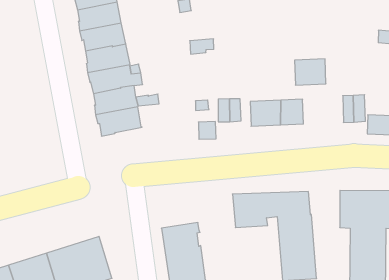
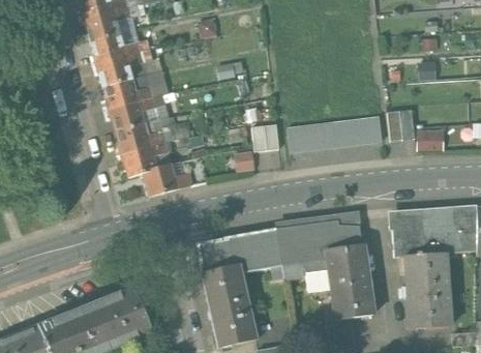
building: [295,59,326,85] -> [344,114,381,145]
building: none -> [143,163,192,195]
building: none -> [199,228,284,278]

